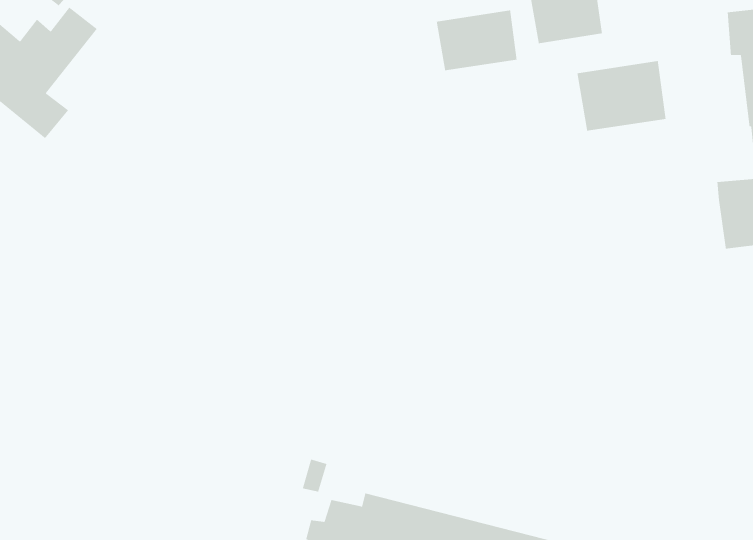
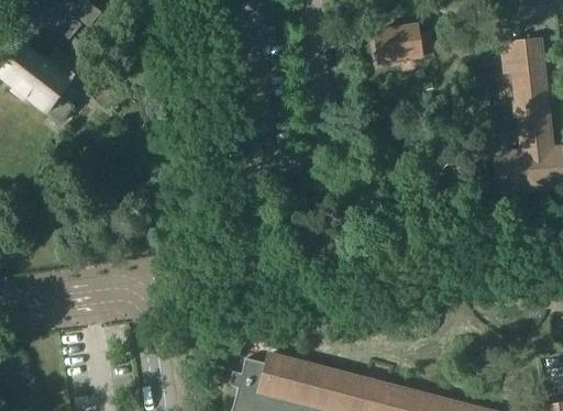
building: [436,10,518,71] -> none
building: [576,60,667,132] -> none

